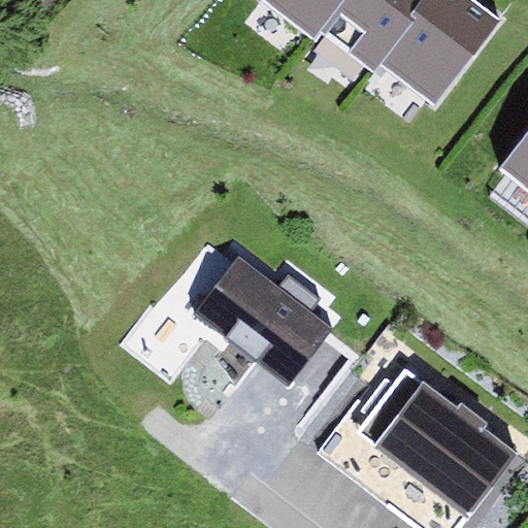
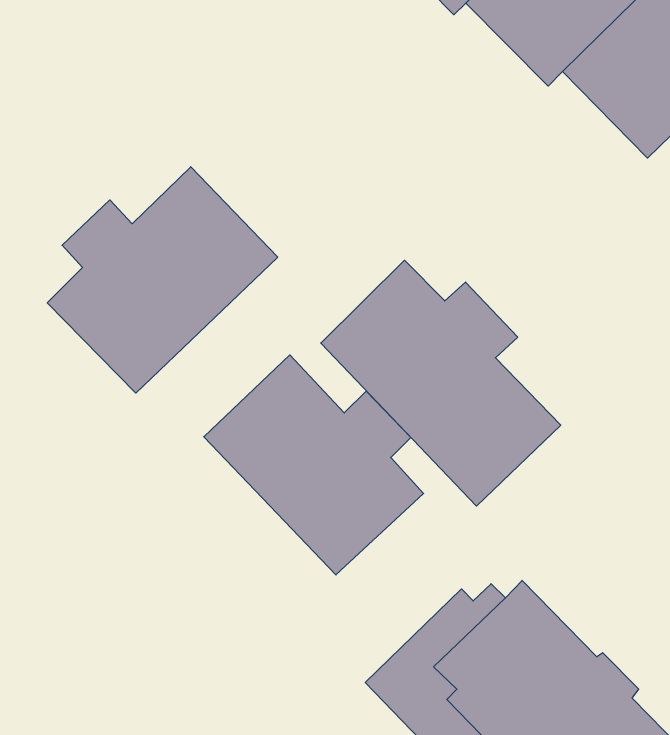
building: none -> [47,167,278,393]
building: none -> [321,260,561,506]

